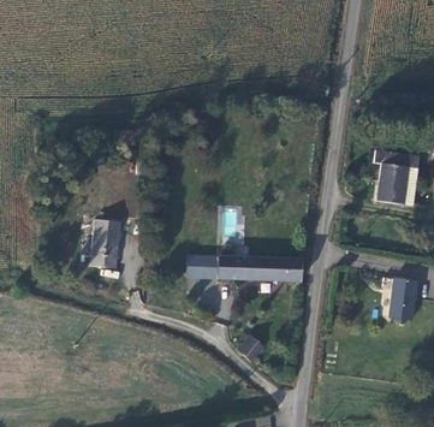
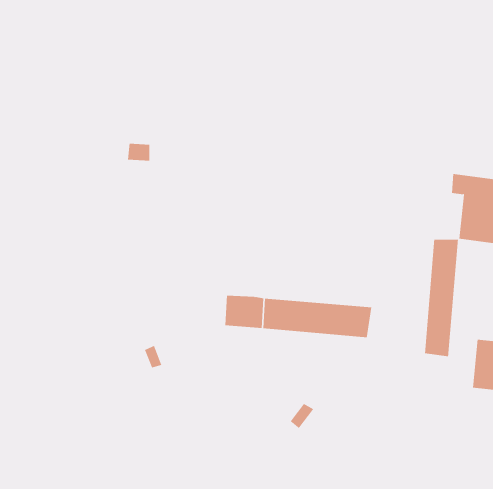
building: none -> [424,239,459,357]
building: [95,220,121,271] -> none

